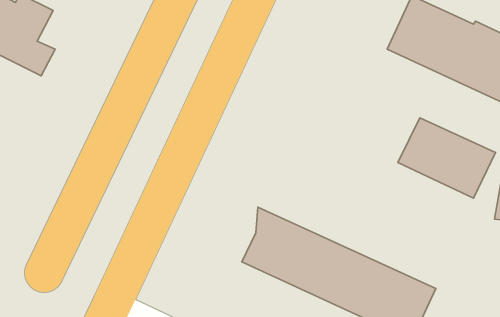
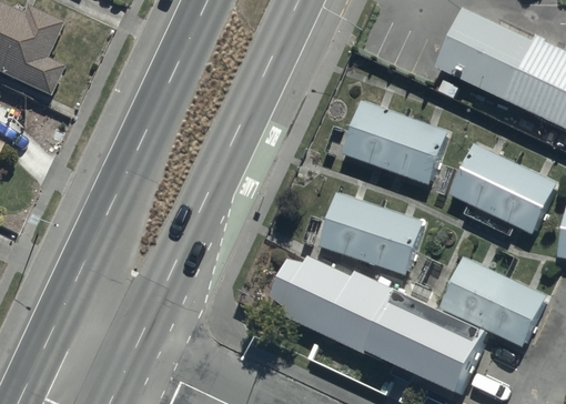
building: none -> [342,101,446,185]
building: none -> [317,192,424,275]
building: none -> [438,256,547,346]

